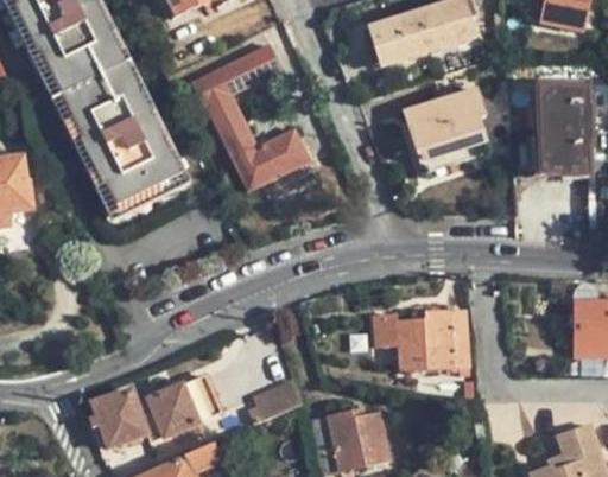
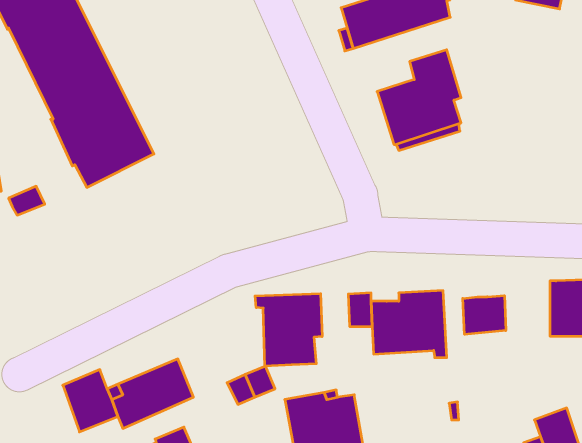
building: [195,44,311,190] -> none
building: [517,84,590,176] -> none
building: none -> [255,294,322,366]
building: none -> [463,296,506,334]

